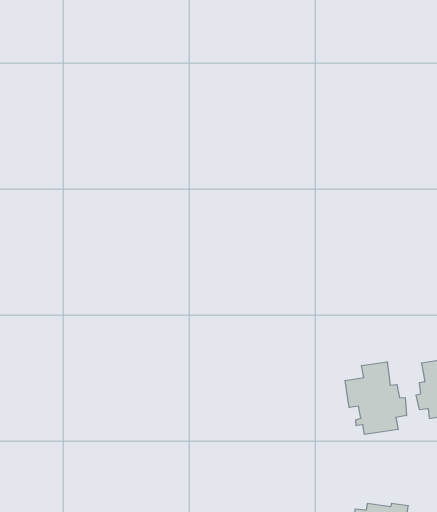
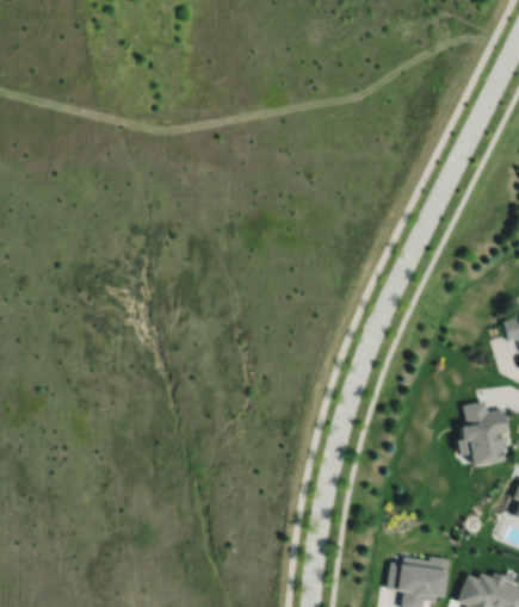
building: [345,362,406,434] -> none

